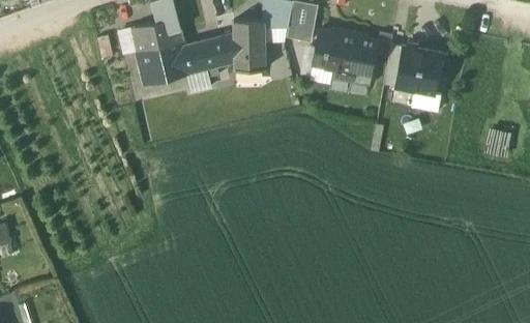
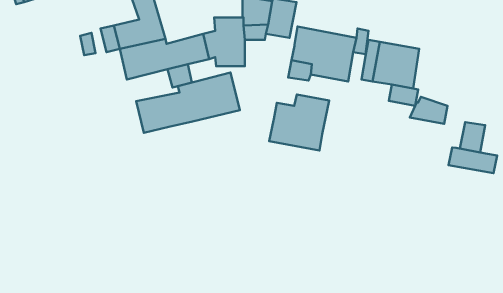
building: none -> [136,72,240,133]
building: none -> [269,95,329,151]
building: none -> [410,97,447,124]
building: none -> [449,148,497,173]

